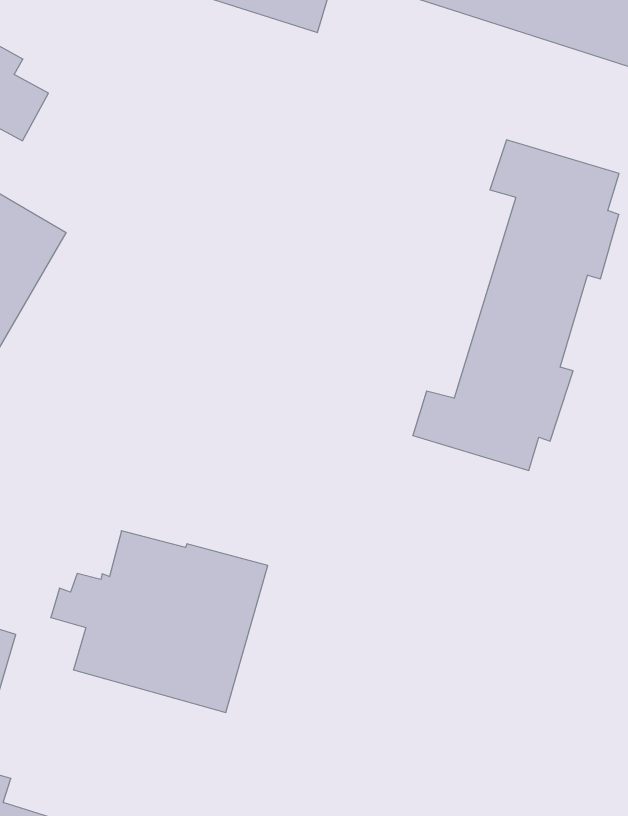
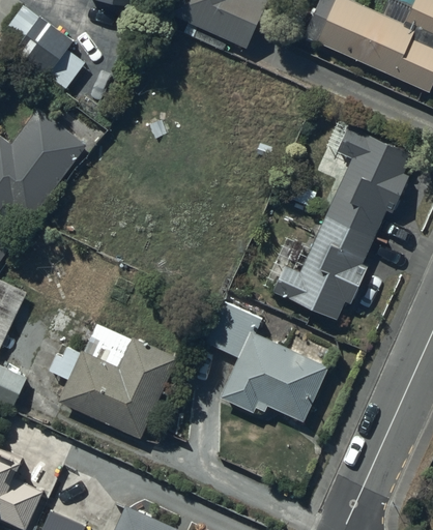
building: none -> [206,303,331,423]

